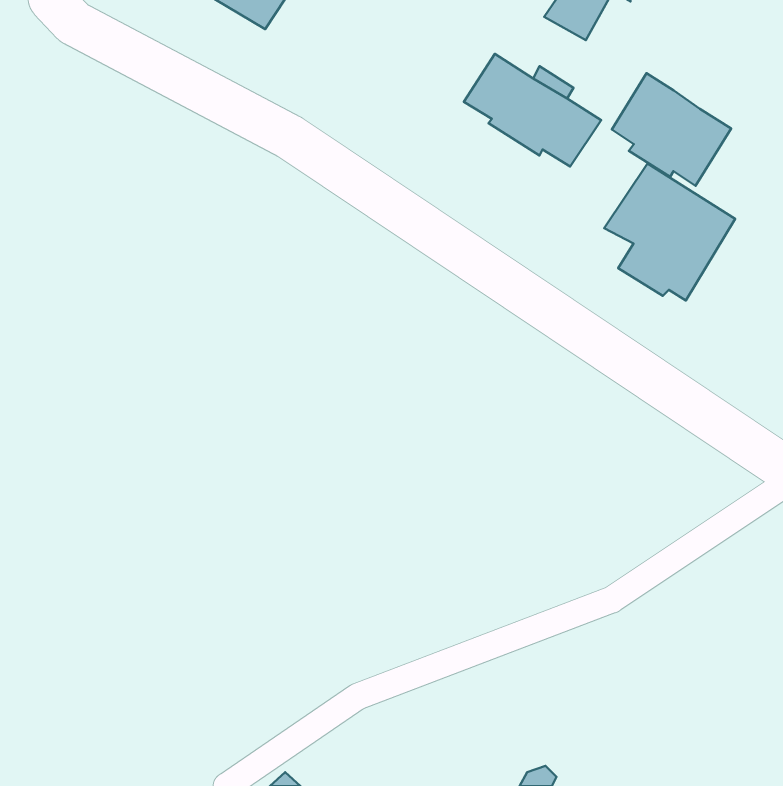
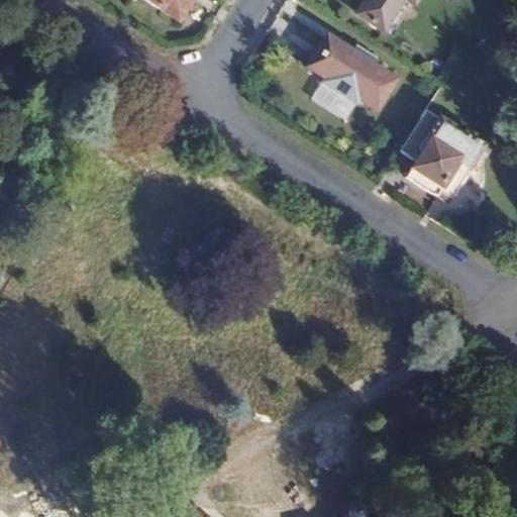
building: [612,73,731,186] -> none
building: none -> [312,81,356,119]

